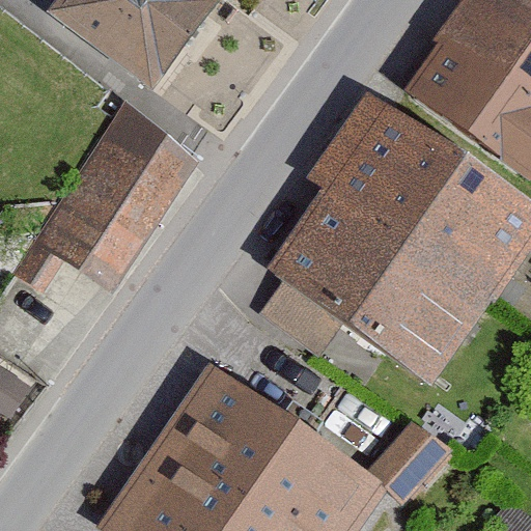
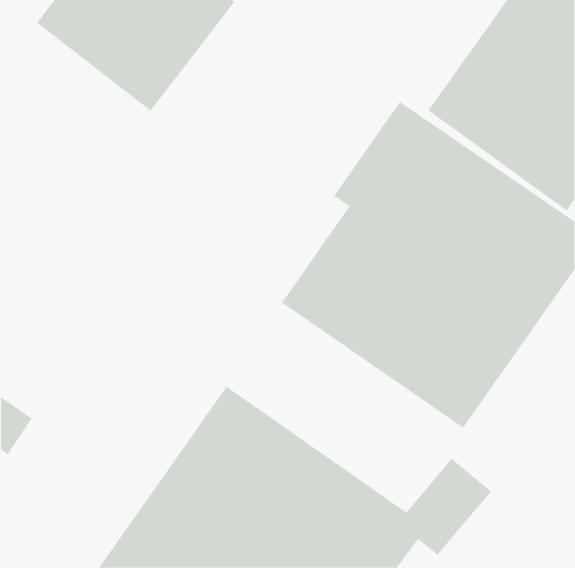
building: [13,104,206,300] -> none

